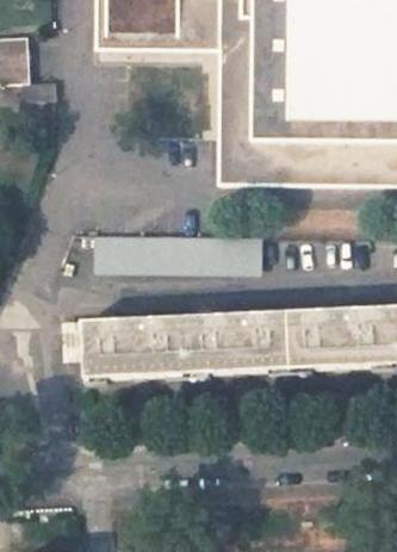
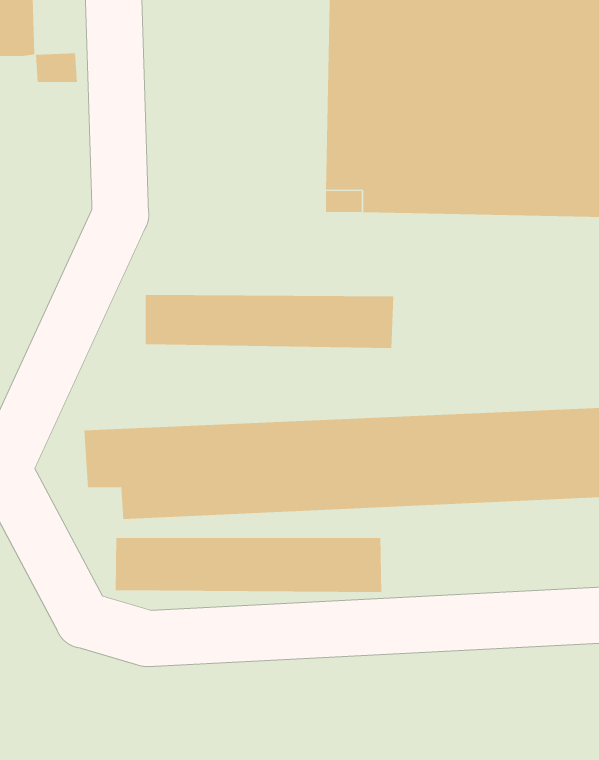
building: none -> [115,537,382,593]

